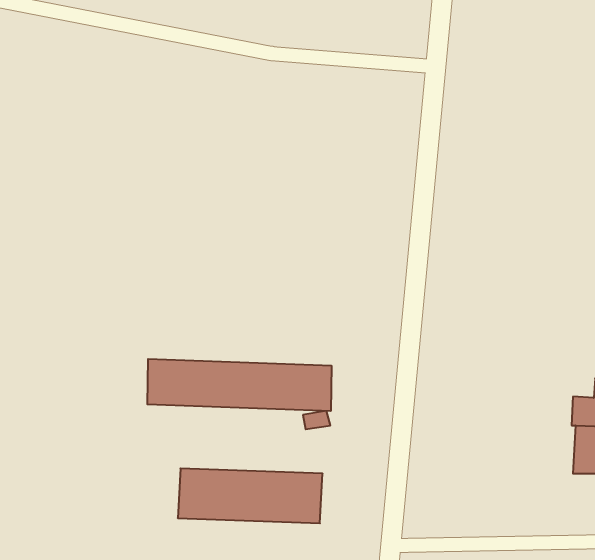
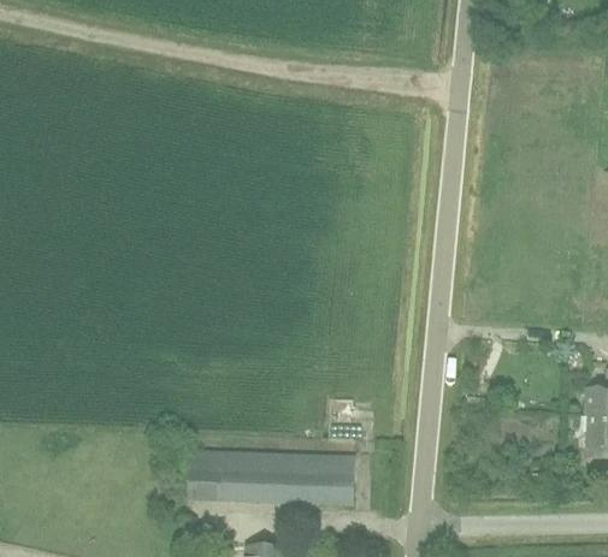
building: [147,359,331,411] -> none
building: none -> [188,451,224,498]

